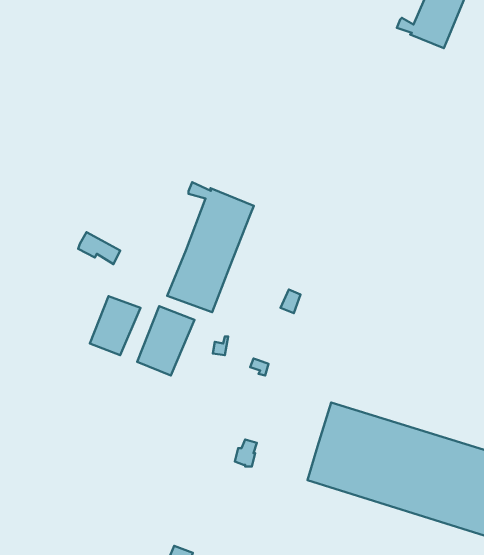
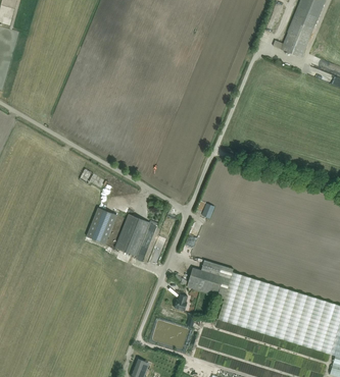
building: [167,182,254,312] -> none
building: none -> [187,260,234,299]

